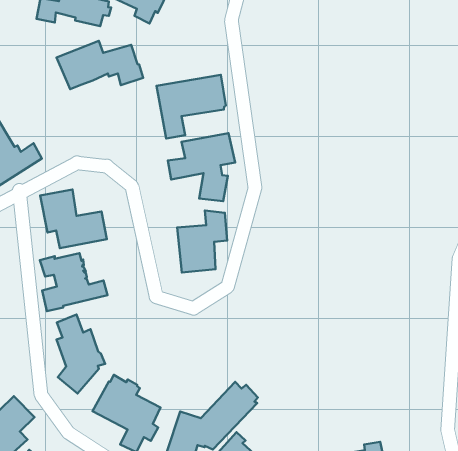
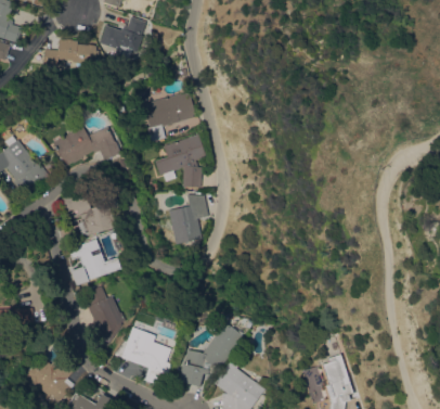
building: [57,41,143,89] -> [53,127,120,166]

